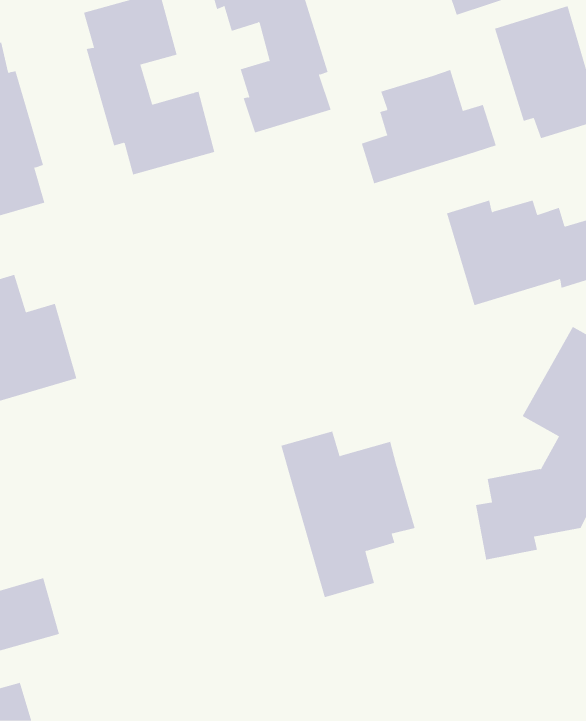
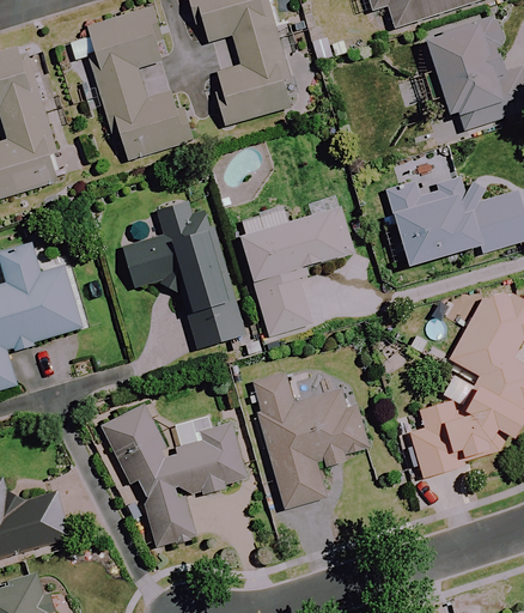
building: [361,69,496,184] -> none
building: none -> [123,198,242,348]
building: none -> [240,207,351,335]
building: none -> [97,406,246,547]

